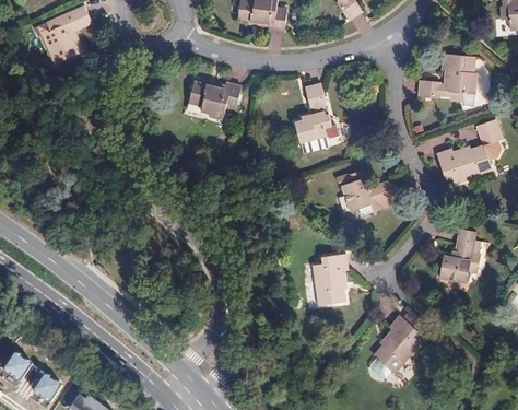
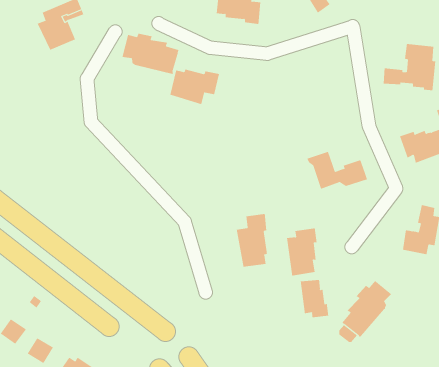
building: none -> [122,33,179,75]
building: [295,83,339,142] -> none
building: none -> [236,213,268,268]
building: none -> [300,279,329,318]

